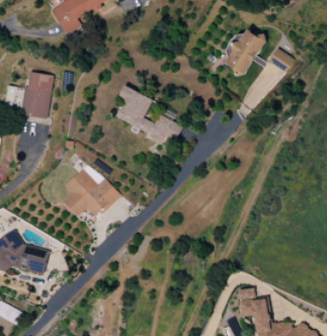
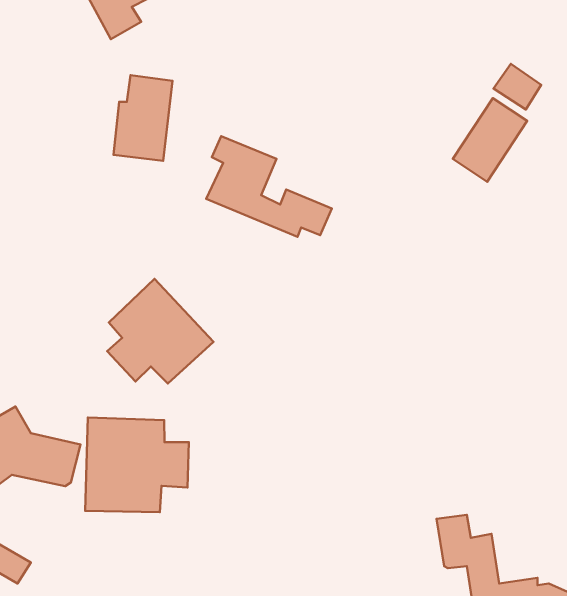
building: [226,30,265,75] -> [453,98,527,182]
building: [21,73,53,118] -> [113,75,173,161]
building: none -> [85,417,189,512]

